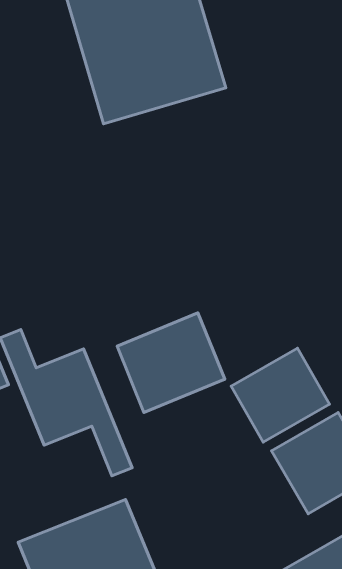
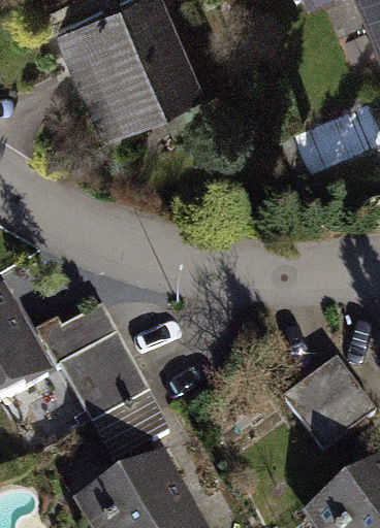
building: [117,313,225,412] -> none
building: [231,348,329,442] -> none

